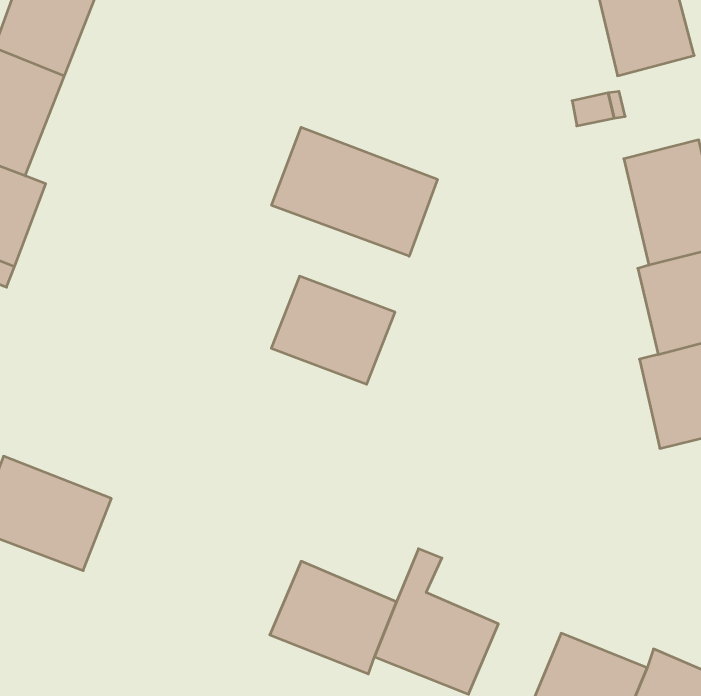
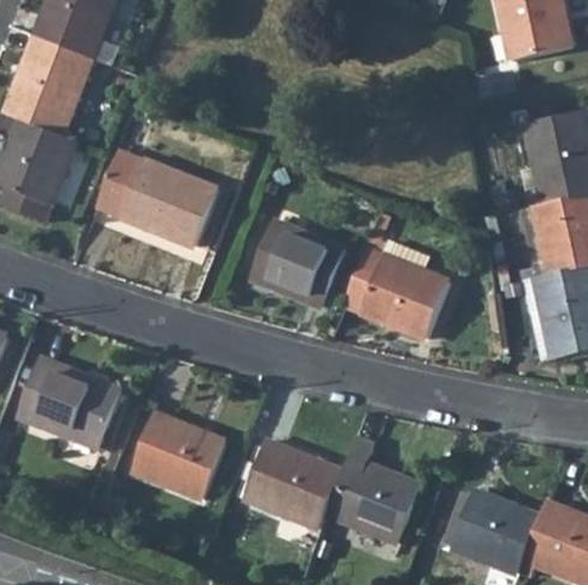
building: [272,127,437,256] -> none
building: none -> [96,147,217,238]
building: none -> [358,253,445,331]
building: none -> [137,411,229,491]

